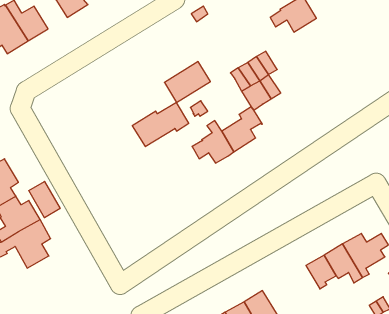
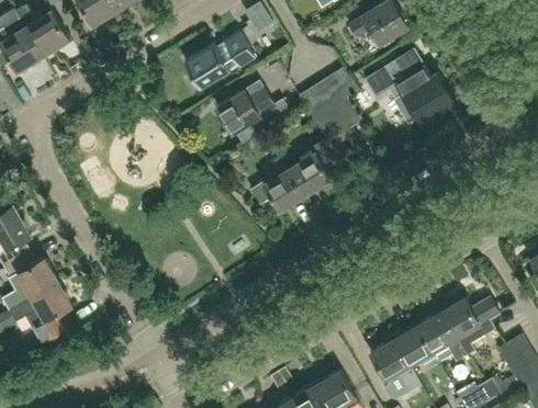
building: none -> [365,47,456,124]
building: [132,102,189,147] -> [183,31,255,87]
building: [29,181,60,218] -> none
building: none -> [371,339,422,392]

